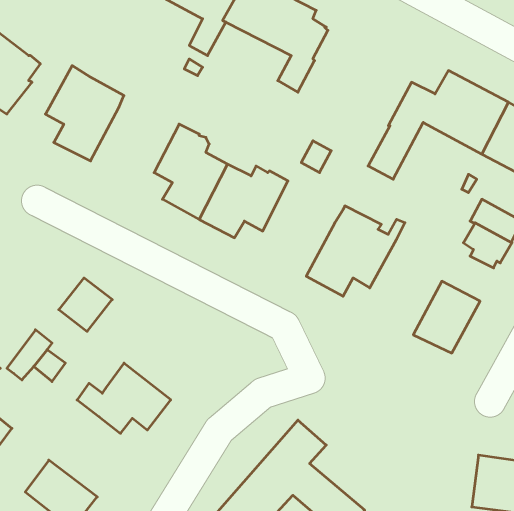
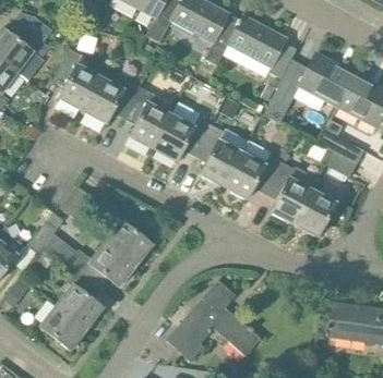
building: none -> [227,15,296,78]
building: none -> [82,76,140,124]
building: none -> [194,124,241,186]
building: none -> [264,162,316,224]
building: none -> [104,221,152,267]
building: none -> [55,267,103,330]

